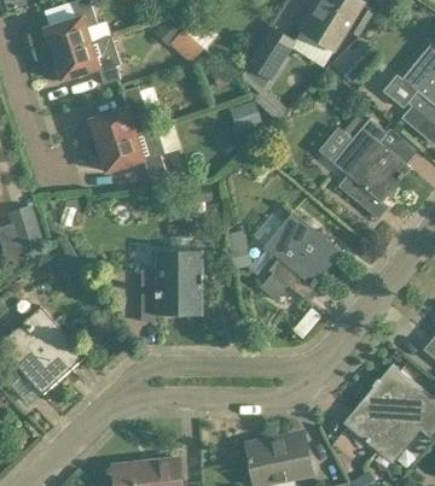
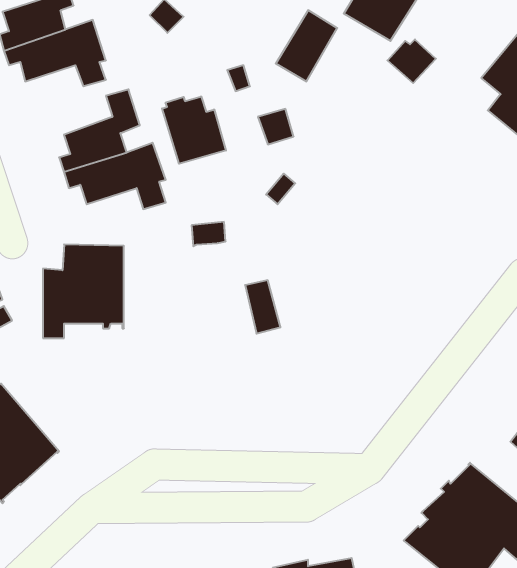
building: none -> [162,96,226,164]
building: [331,118,411,219] -> none
building: [260,211,341,303] -> none
building: [141,252,202,322] -> [43,244,124,338]

